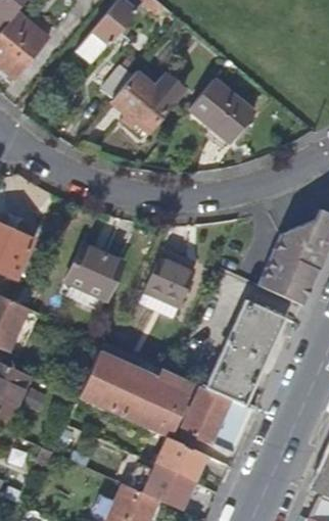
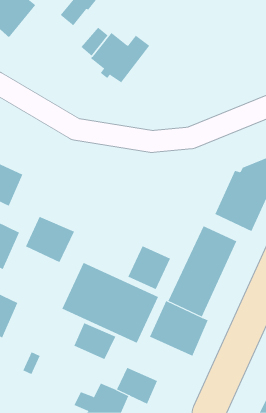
building: [189,79,253,142] -> none
building: [66,243,125,298] -> [25,216,75,263]
building: [143,256,194,309] -> [127,246,171,290]
building: [154,438,204,482] -> [73,323,116,360]

